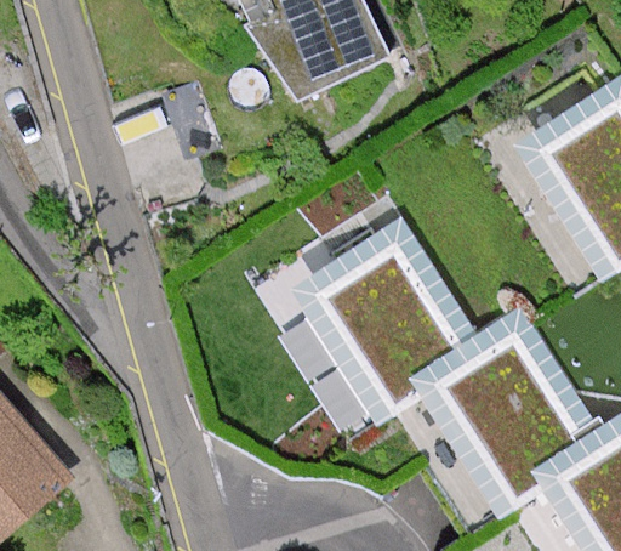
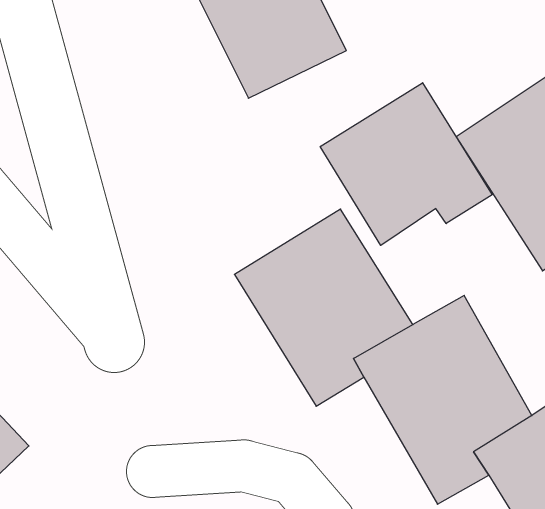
building: none -> [320,83,492,245]

